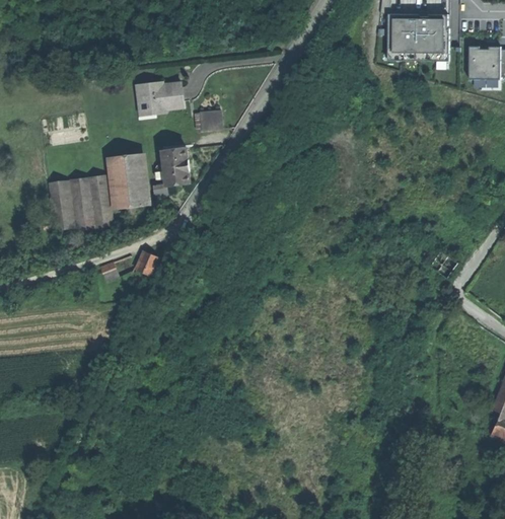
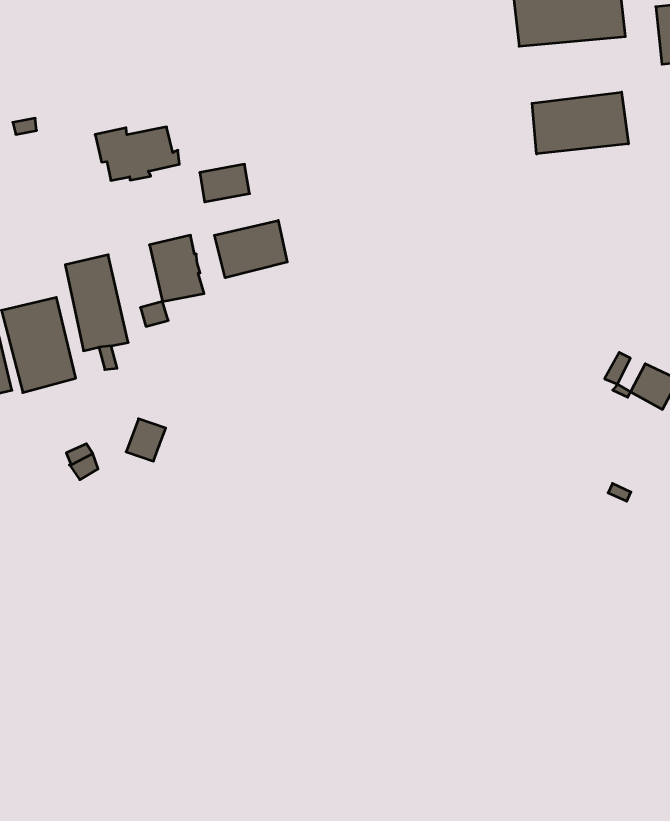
building: none -> [532,92,628,154]
building: none -> [214,220,287,278]

